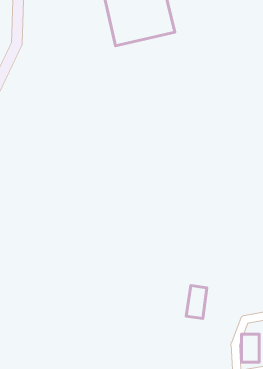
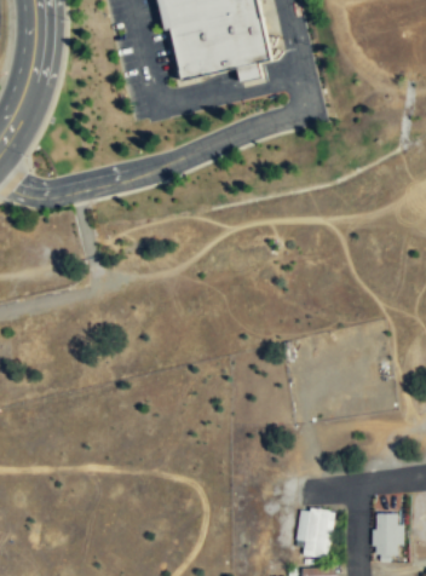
building: [186,286,207,318] -> [303,508,334,558]

